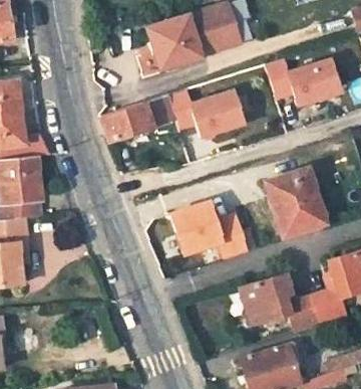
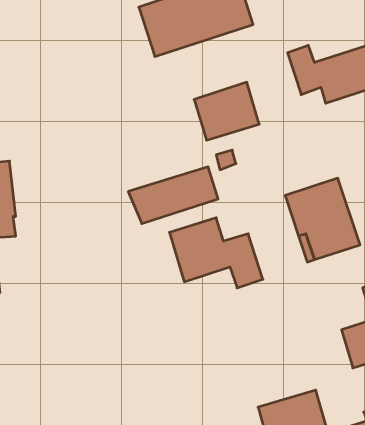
building: [101,94,174,141] -> [128,167,218,224]
building: [240,271,319,331] -> none

